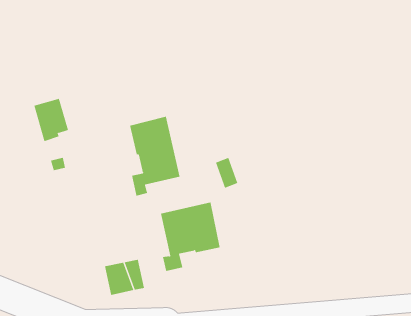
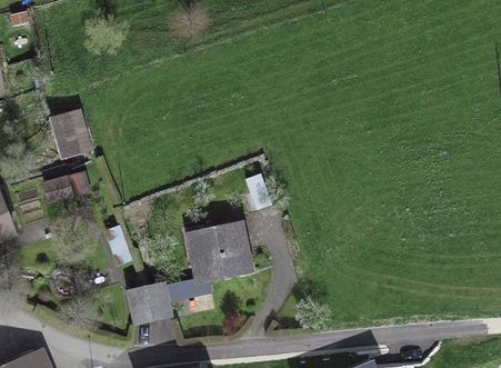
building: [130,116,180,196] -> none

